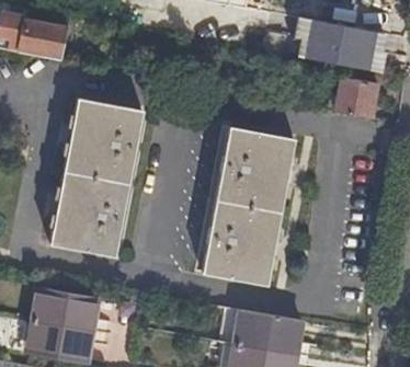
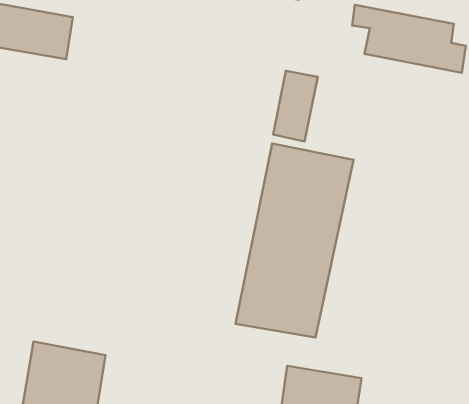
building: none -> [273,71,318,142]
building: [335,76,378,118] -> none
building: [49,98,141,256] -> none

